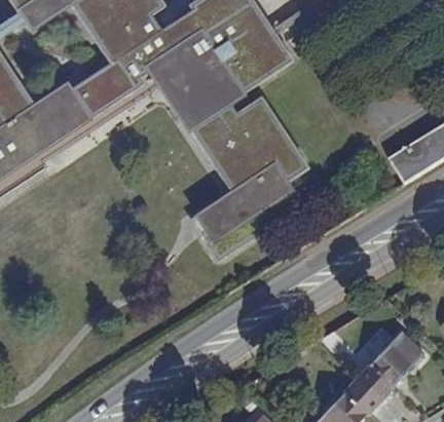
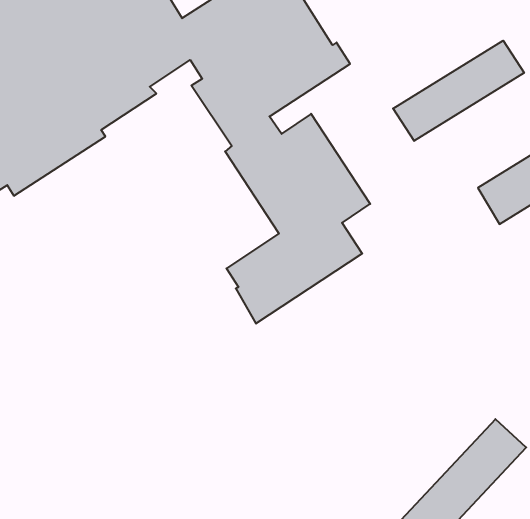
building: none -> [393,41,524,141]

